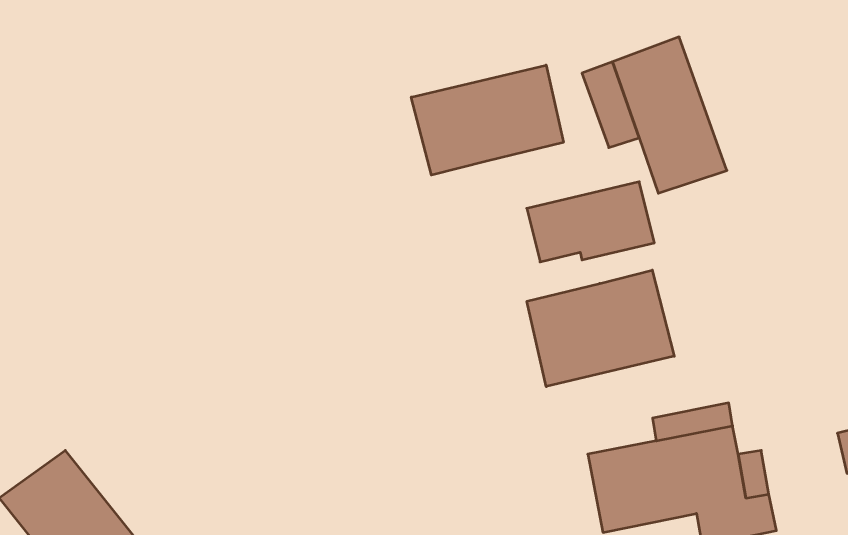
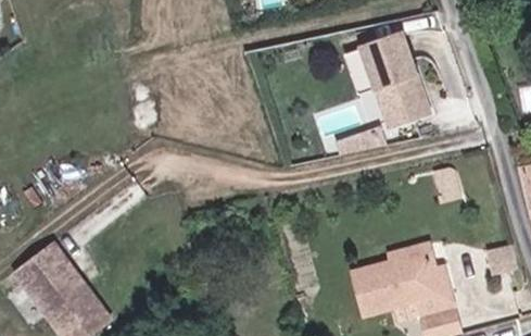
building: [411,65,563,175] -> none
building: [527,270,674,387] -> none

